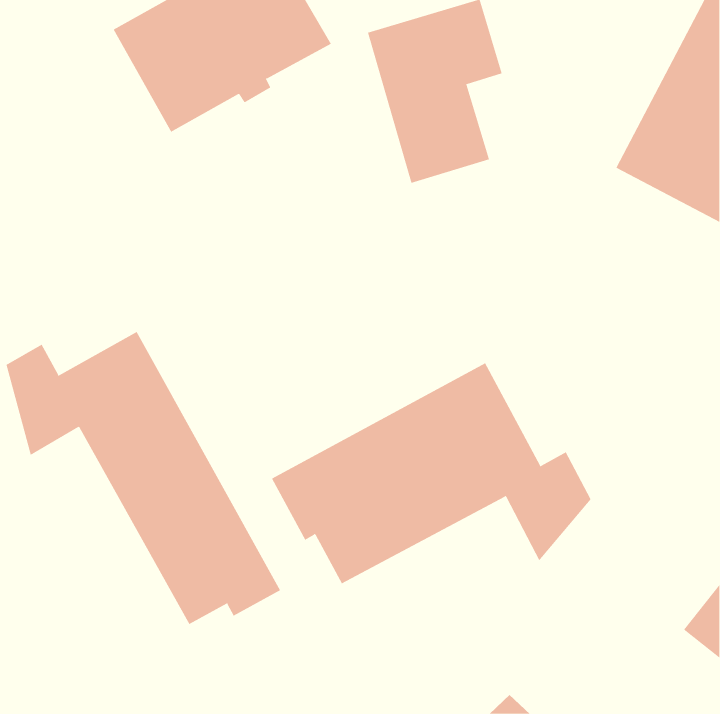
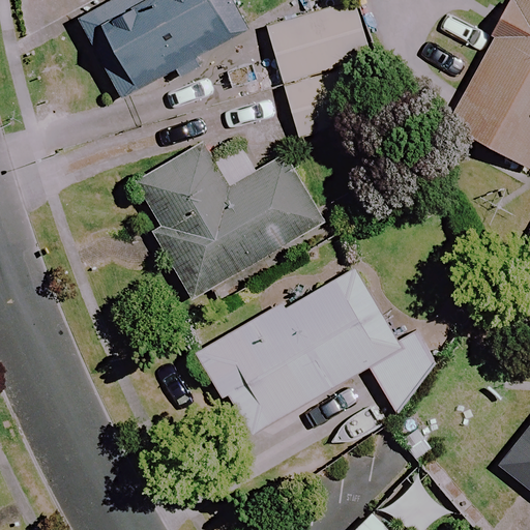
building: none -> [140,145,323,294]
building: [6,331,281,625] -> none

